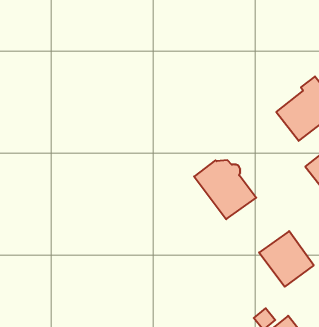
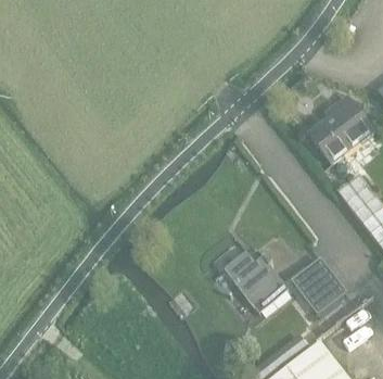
building: [194,160,256,219] -> [224,251,286,311]

